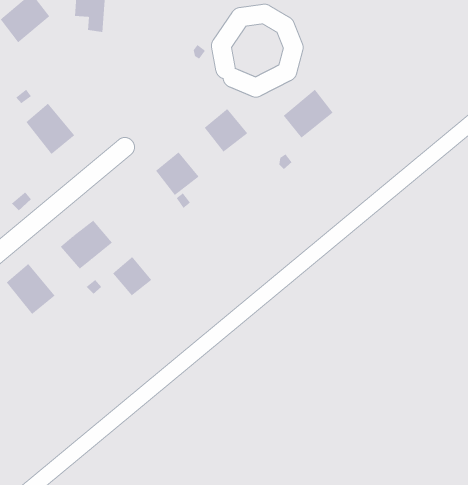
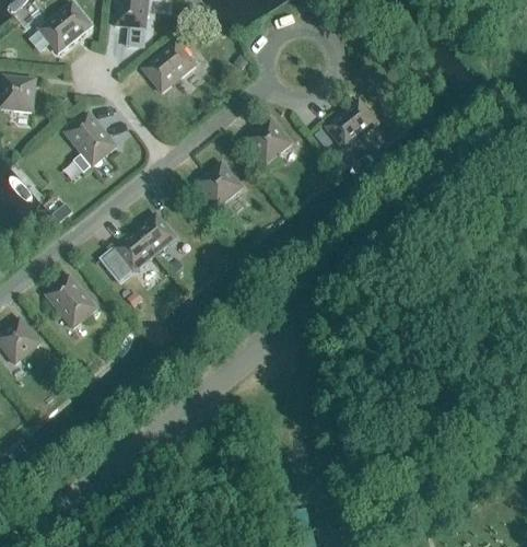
building: none -> [142,43,195,93]
building: [112,256,152,296] -> [134,214,175,255]

